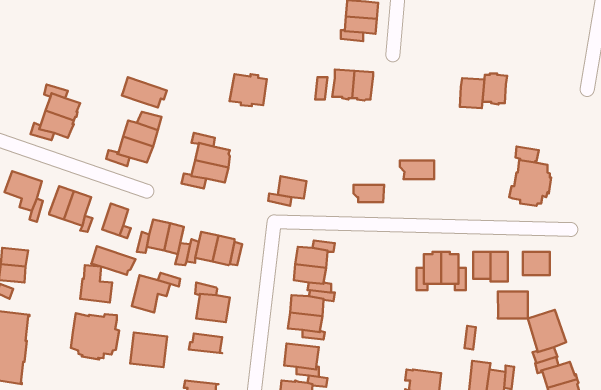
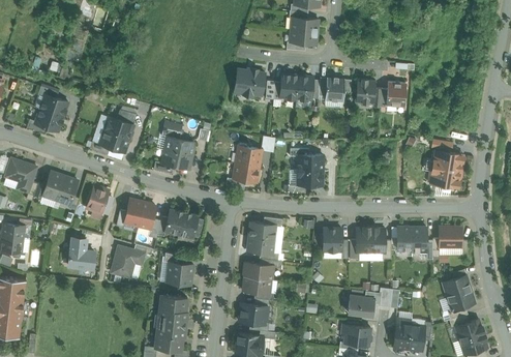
building: none -> [325,77,344,102]
building: [482,73,507,104] -> [355,79,375,105]
building: [230,74,267,106] -> [234,69,265,96]
building: [122,77,167,108] -> none
building: none -> [236,144,261,168]
building: [400,161,434,179] -> [294,155,323,171]
building: [91,246,135,275] -> none
building: none -> [322,229,341,251]
building: [498,292,528,319] -> none
building: [71,313,119,360] -> none
building: [130,333,167,367] -> [156,308,187,337]
building: none -> [348,296,374,316]

